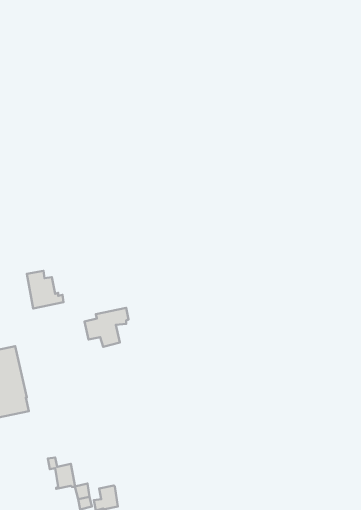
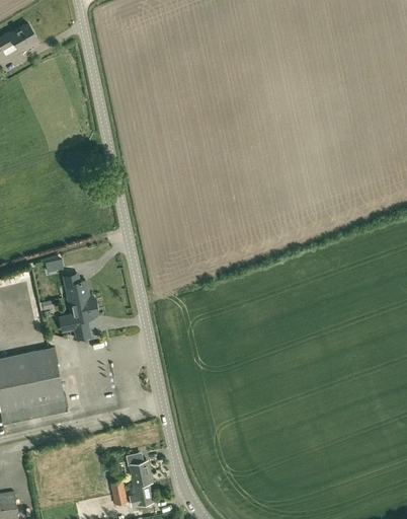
building: [84,308,128,347] -> [58,304,100,342]
building: [48,458,75,489] -> [125,454,151,485]

